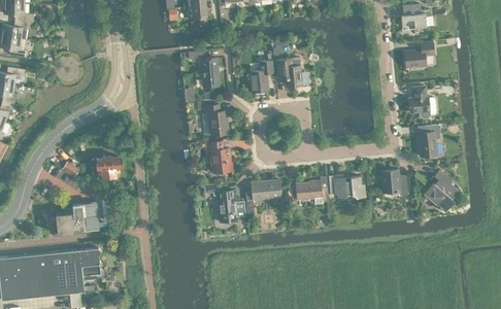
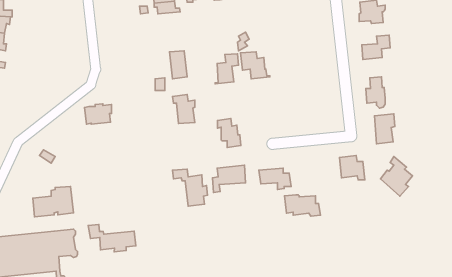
building: [207,141,232,172] -> [217,118,241,148]
building: [91,156,120,177] -> [84,104,112,124]
building: [328,175,366,198] -> [285,195,321,216]
building: none -> [88,224,136,252]

